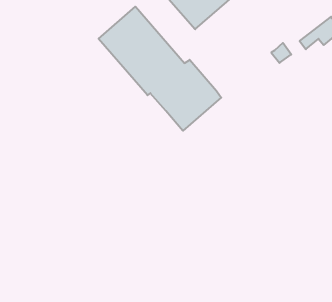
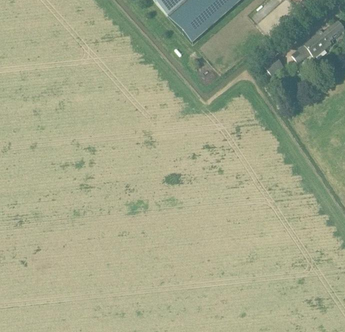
building: [99,7,221,131] -> none

